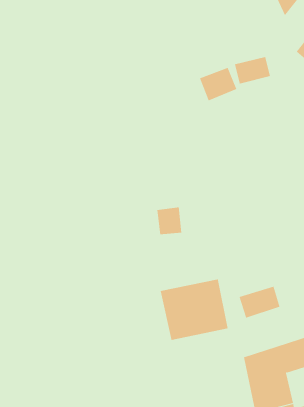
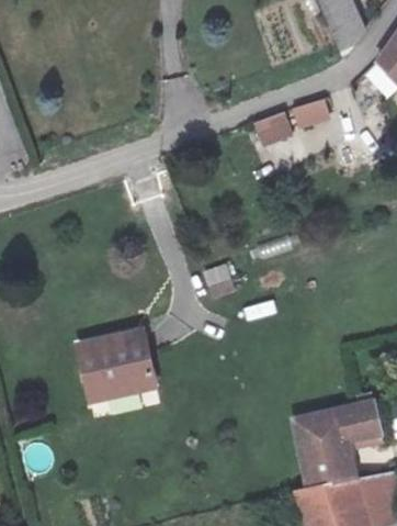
building: [160,279,228,341] -> [78,329,154,398]
building: [239,286,280,318] -> none

